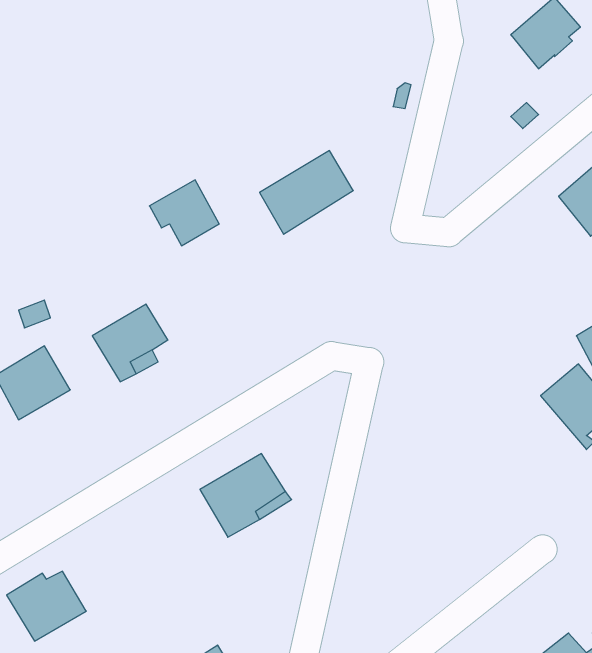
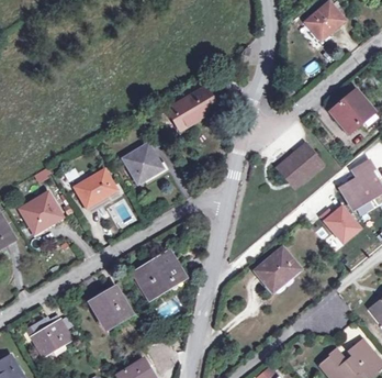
building: [149,180,219,246] -> [123,144,161,180]
building: none -> [279,144,321,185]
building: none -> [255,246,300,291]
building: none -> [91,288,128,326]

